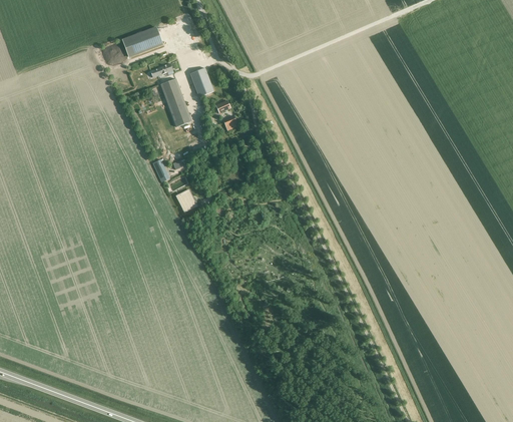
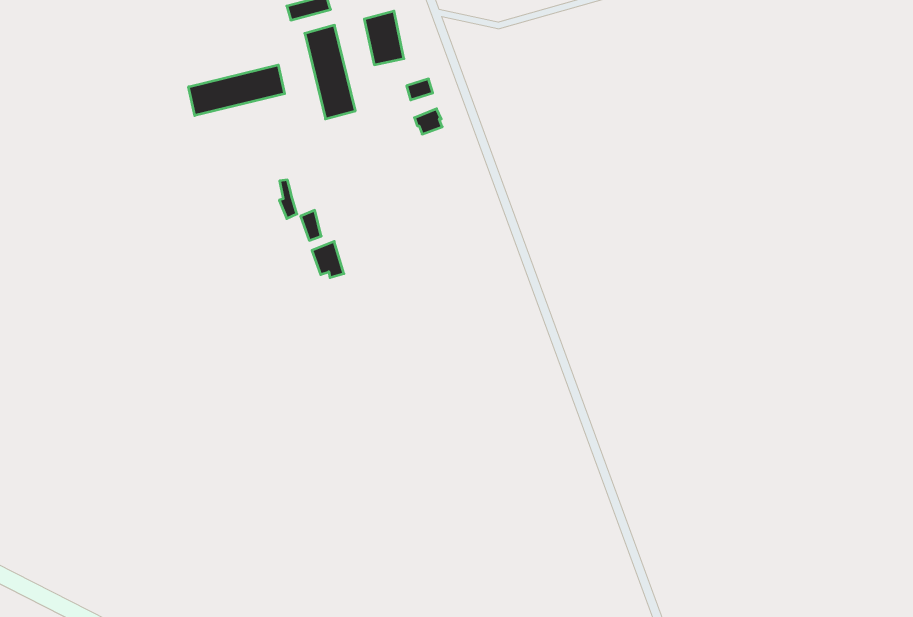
building: none -> [189,65,285,116]

